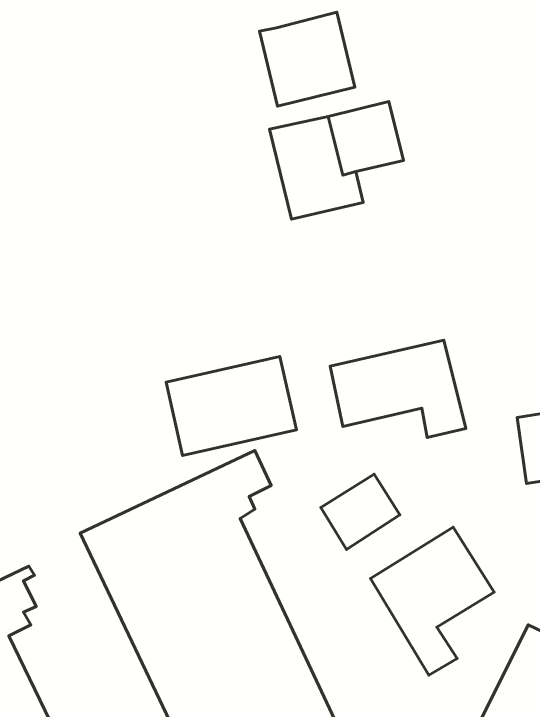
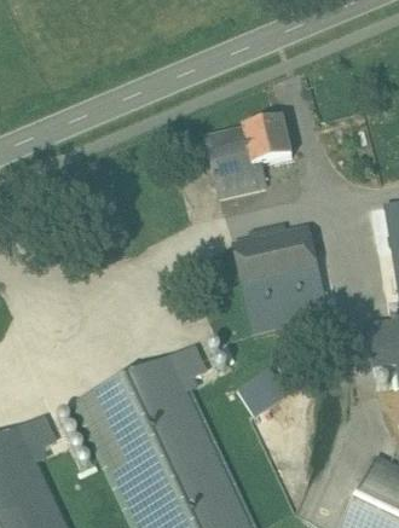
building: [260,12,355,106] -> none
building: [166,356,296,456] -> [233,226,319,291]
building: [371,527,494,675] -> none

